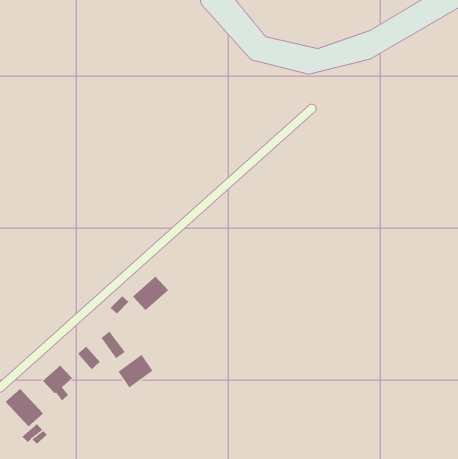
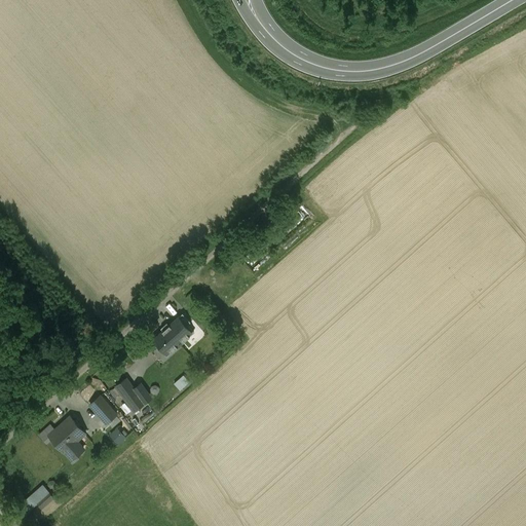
building: [118,354,154,388] -> none
building: [5,388,44,427] -> none

